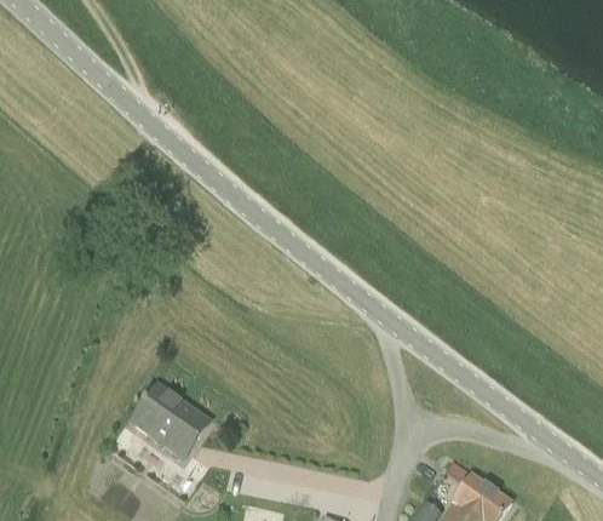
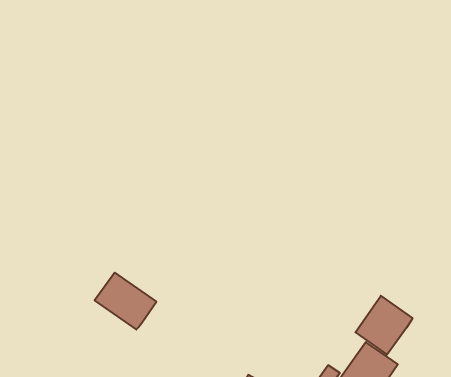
building: none -> [355,296,412,355]

